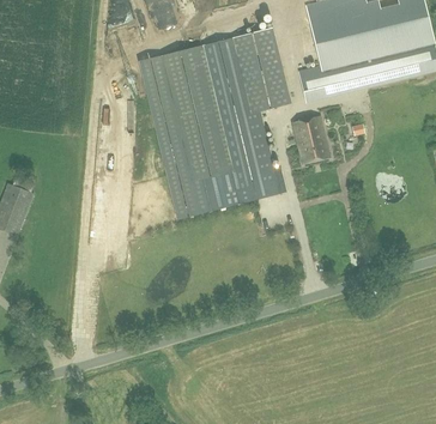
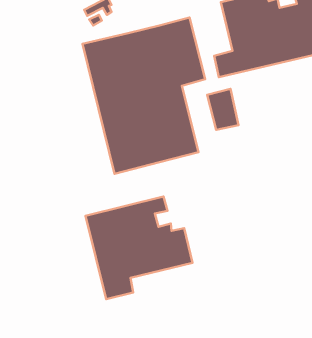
building: none -> [85,197,192,299]

